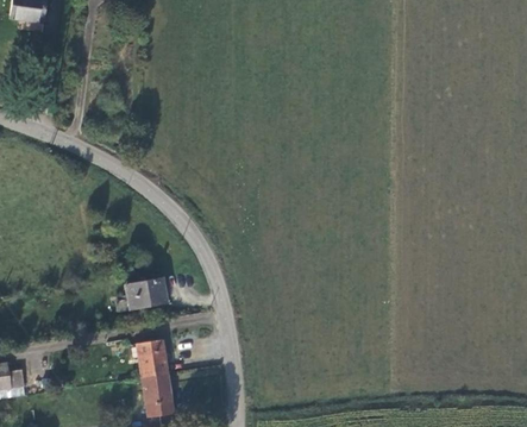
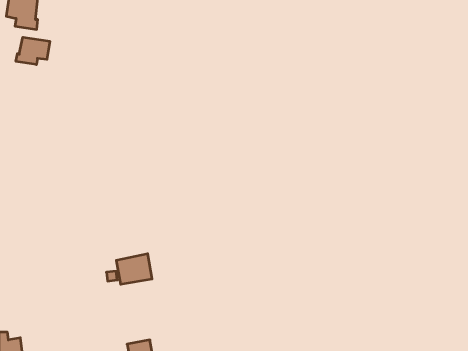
building: none -> [16,37,50,65]
building: [134,338,165,377] -> none

